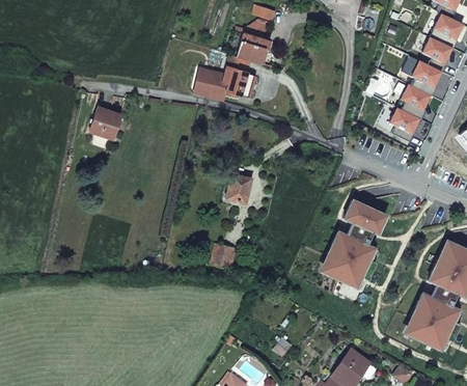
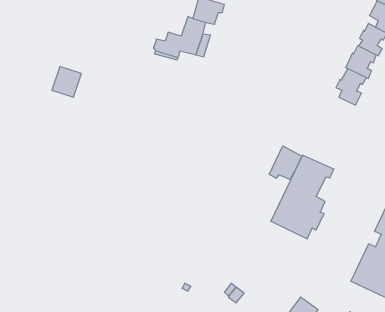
building: [225,174,251,202] -> none
building: none -> [269,146,302,180]
building: [210,243,236,267] -> none

